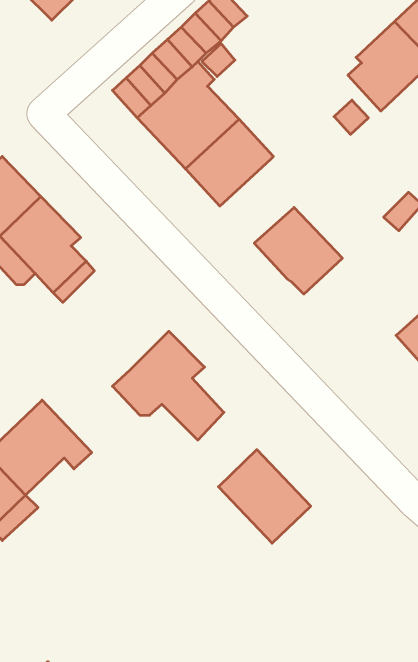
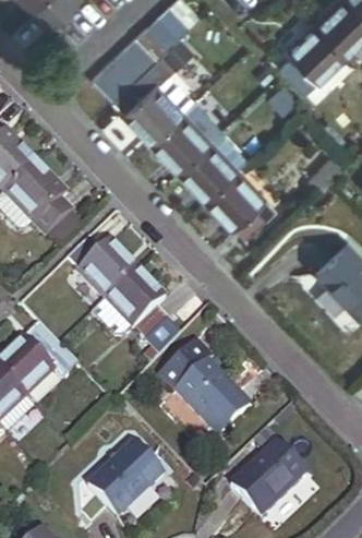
building: none -> [178,132,246,199]
building: none -> [68,237,137,299]
building: none -> [158,340,213,394]
building: none -> [89,443,164,517]
building: none -> [231,443,305,517]

